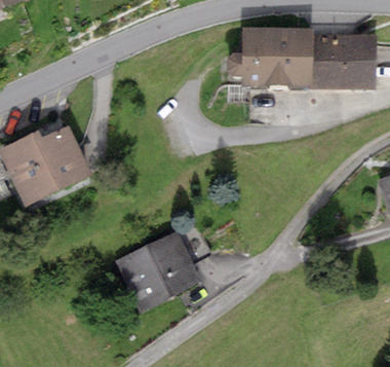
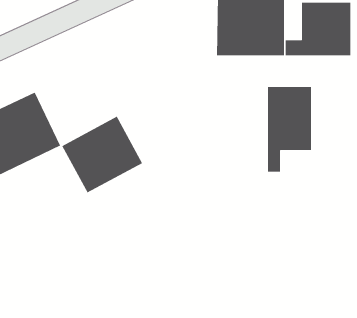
building: none -> [267,86,312,173]
building: [120,231,201,308] -> [61,116,143,194]

